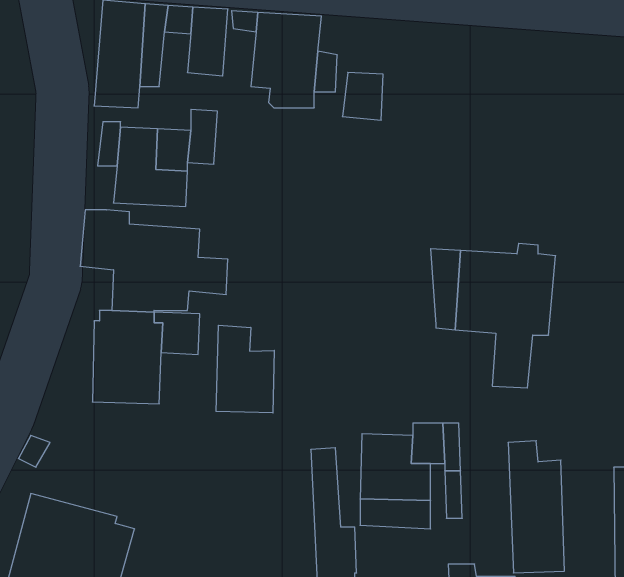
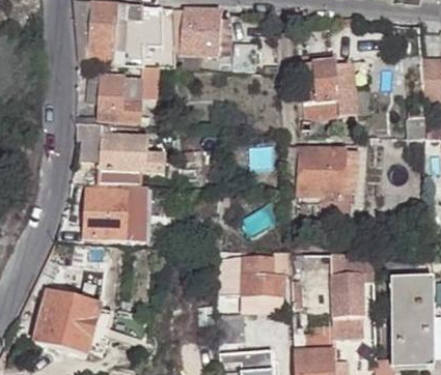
building: none -> [300,53,366,116]
building: [216,325,274,413] -> none

